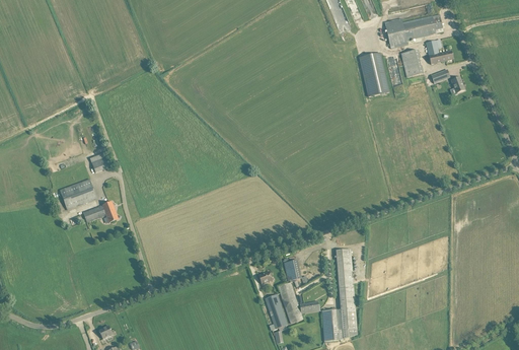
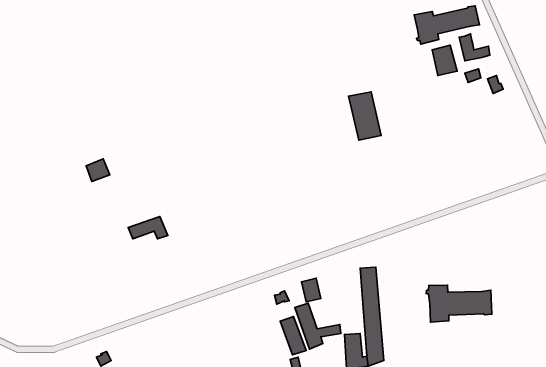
building: [359,52,388,95] -> [349,92,381,140]
building: [59,177,97,209] -> none
building: [82,201,118,221] -> [128,216,168,239]
building: none -> [426,285,492,322]

